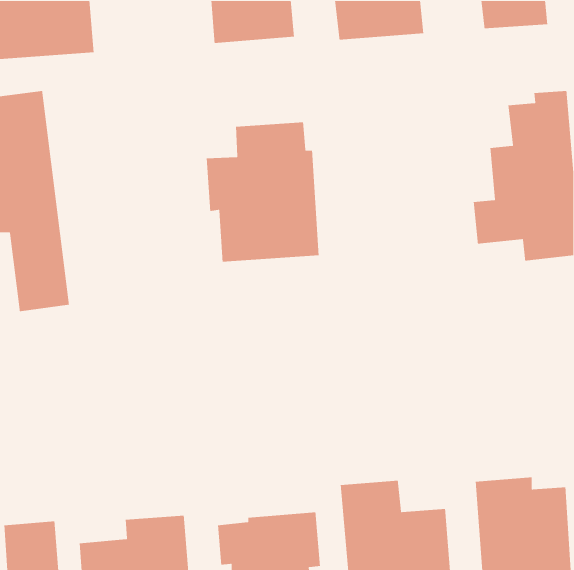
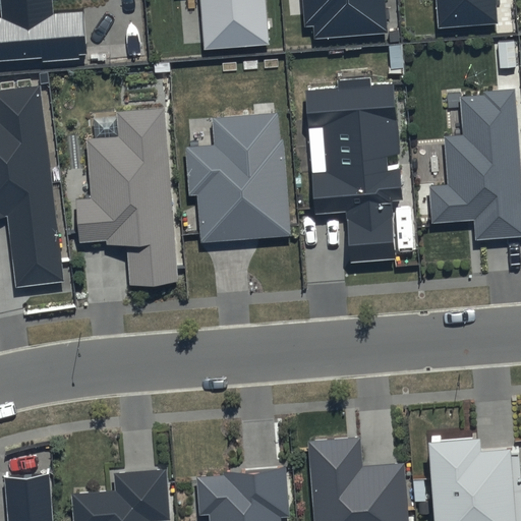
building: none -> [305,78,403,262]
building: none -> [75,108,176,284]

